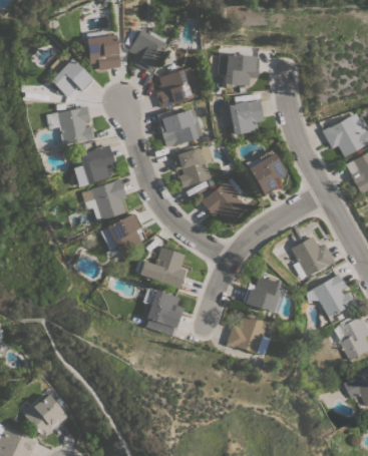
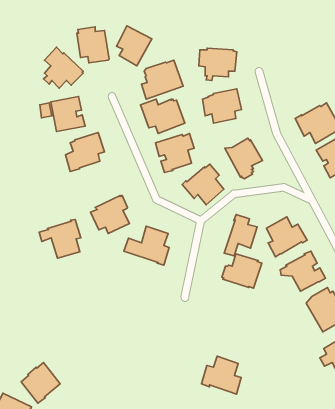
building: [81,178,126,220] -> [39,219,81,258]
building: none -> [224,214,257,256]
building: [141,287,183,335] -> none
building: [226,315,269,356] -> [201,356,241,394]

